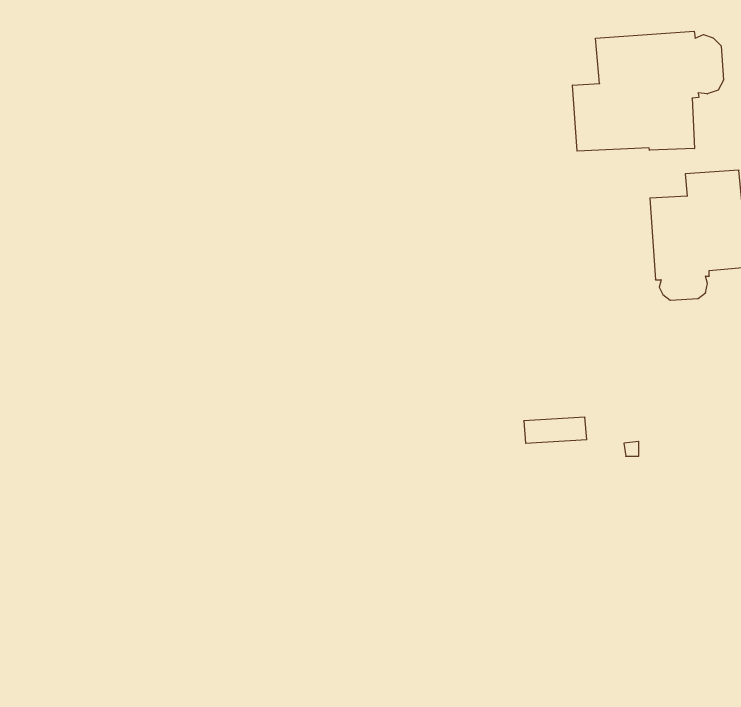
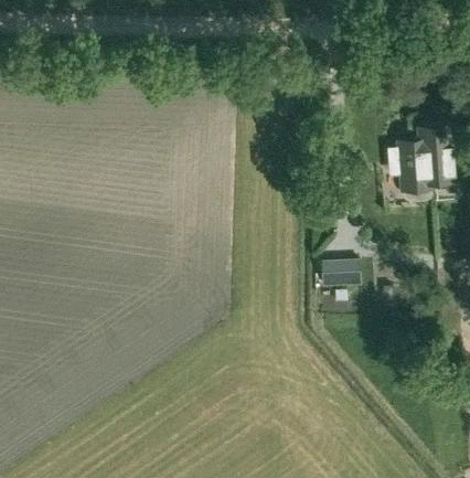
building: [573,31,723,151] -> none

